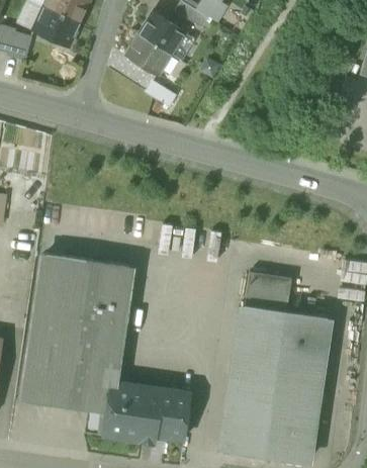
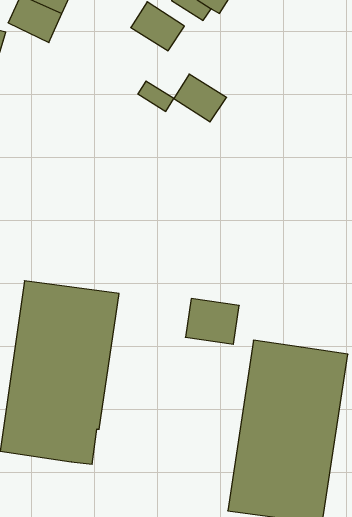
building: [125,34,171,76] -> [174,74,227,122]
building: [245,272,291,311] -> [185,299,239,344]
building: [84,382,190,443] -> none

